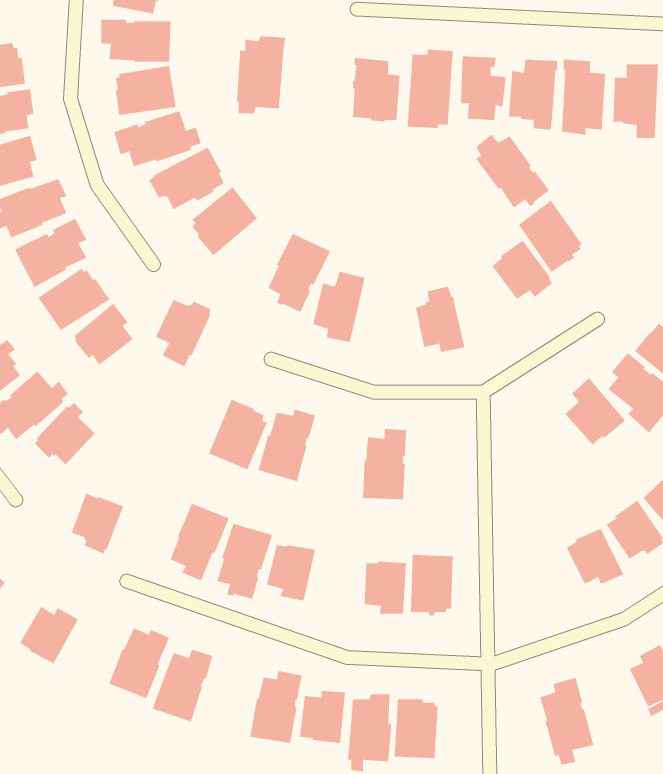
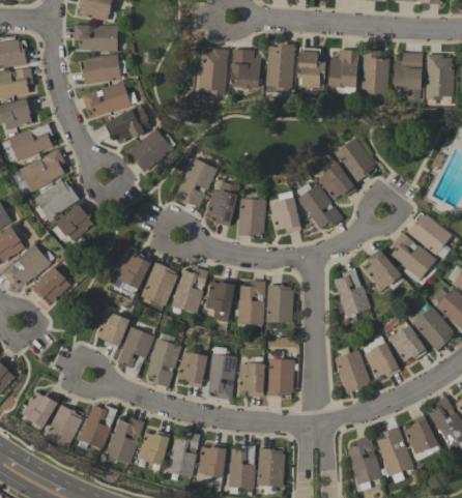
building: [236,36,286,114] -> [198,49,229,97]
building: [475,134,550,208] -> [296,183,343,230]
building: none -> [237,199,266,237]
building: [155,299,211,367] -> [116,254,151,296]
building: none -> [334,269,371,318]
building: none -> [206,279,236,322]
building: none -> [266,285,293,324]
building: [71,493,124,554] -> [96,312,129,350]
building: none -> [208,348,237,401]
building: none -> [335,350,370,393]
building: none -> [45,405,82,449]
building: none -> [377,428,414,484]
building: none -> [138,432,170,466]

